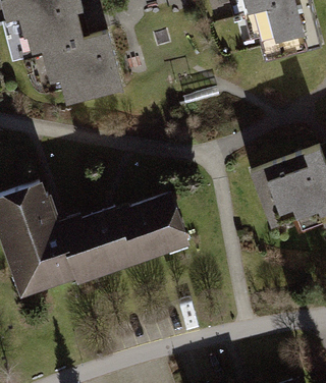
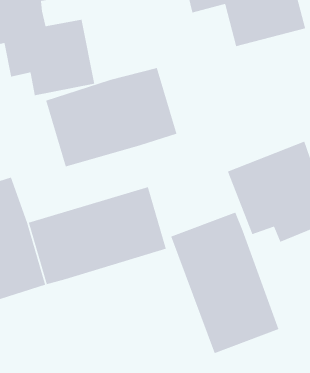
building: none -> [45,67,177,167]
building: none -> [170,212,280,354]

